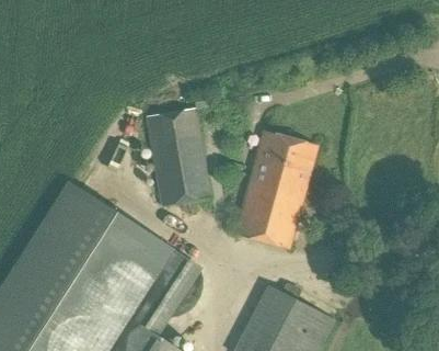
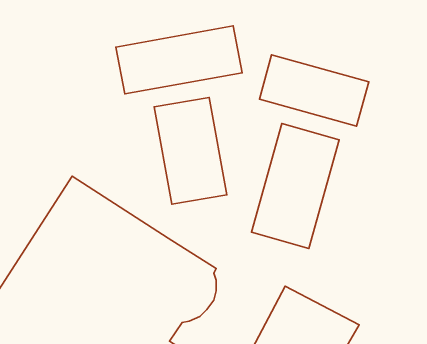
building: none -> [116,26,242,94]
building: none -> [260,55,369,126]

